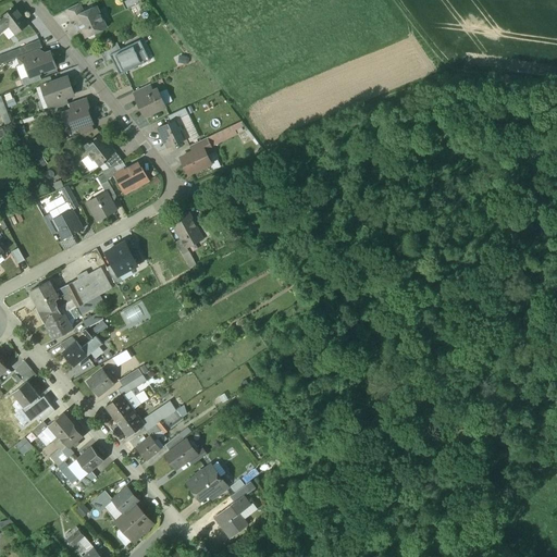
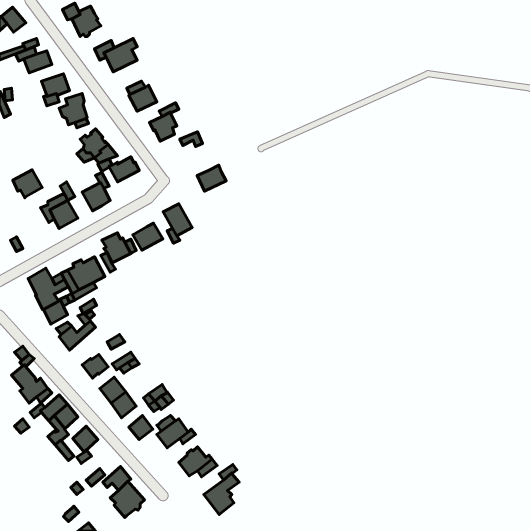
building: [180,147,210,174] -> [197,165,226,191]
building: none -> [13,170,42,198]
building: none -> [133,223,163,250]

